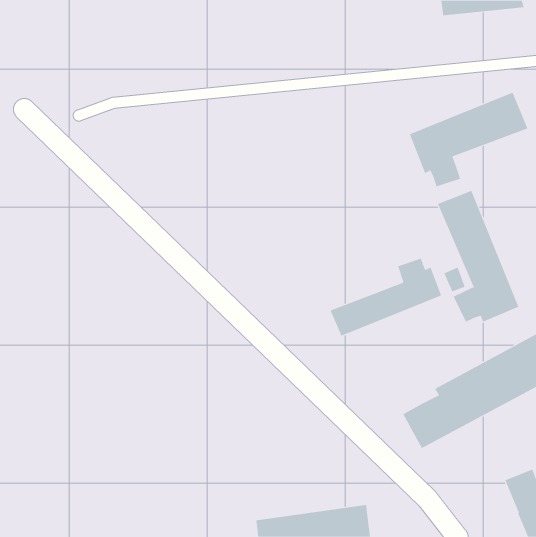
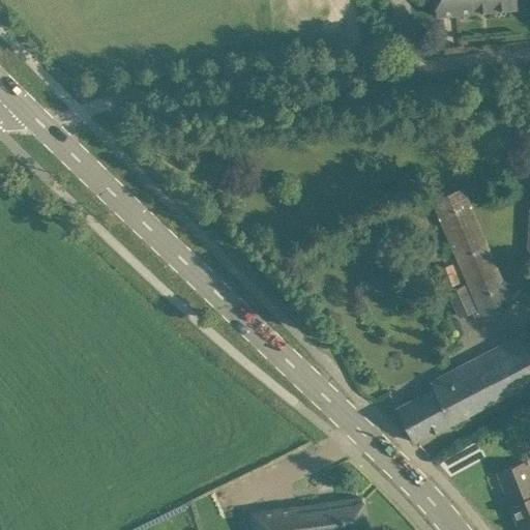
building: [409,92,528,187] -> none
building: [330,258,442,337] -> none

